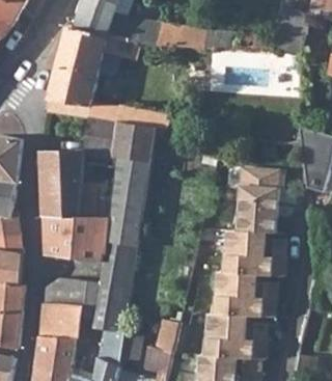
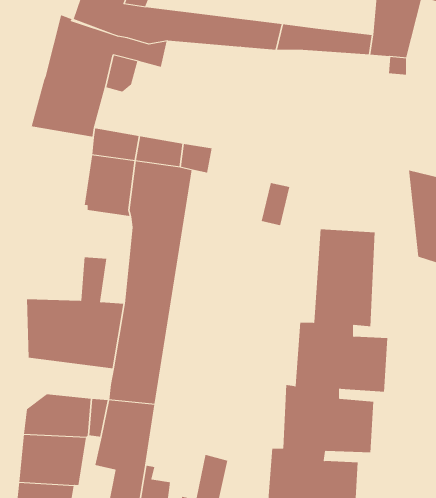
building: [39,153,83,216] -> none

